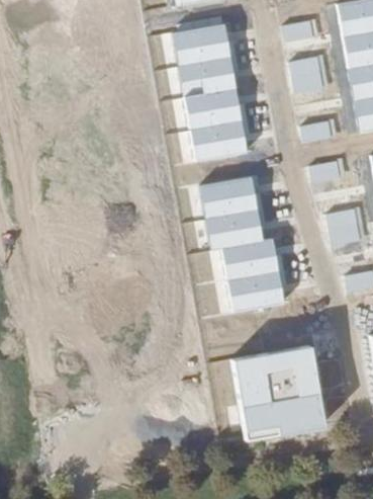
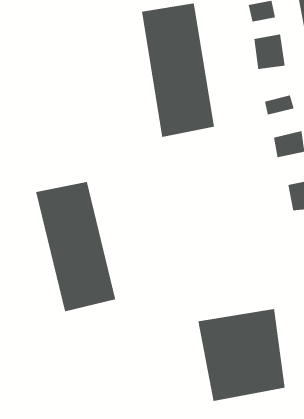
building: [198,173,291,308] -> none
building: none -> [36,181,116,312]

